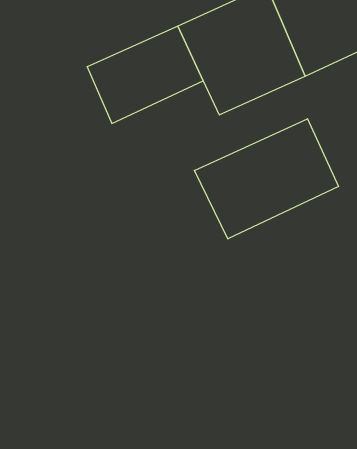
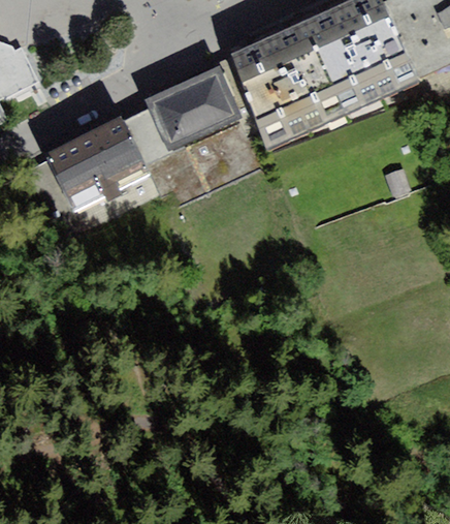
building: none -> [41,96,165,218]
building: [194,119,338,239] -> none

